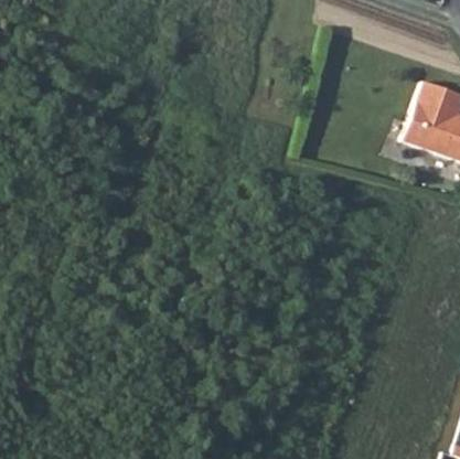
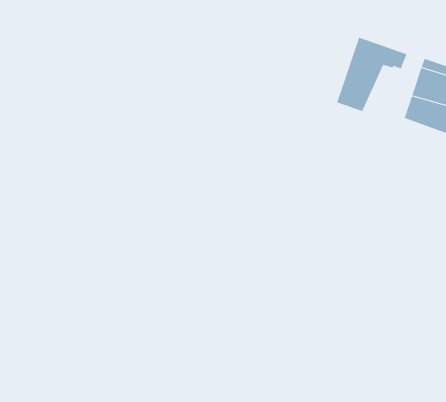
building: none -> [337,37,407,112]

